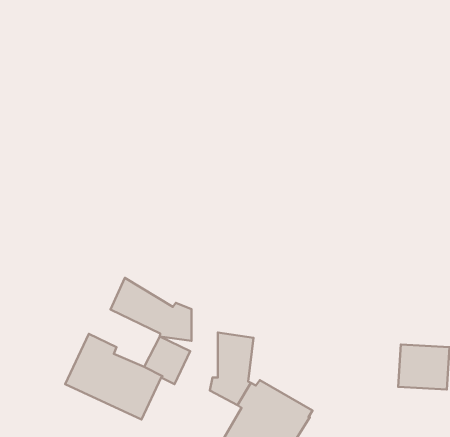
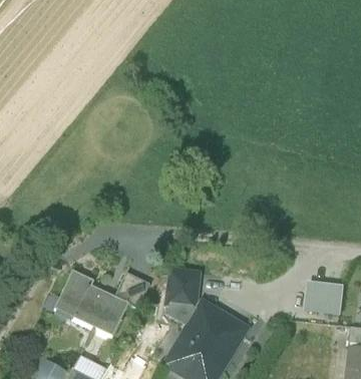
building: [111,278,191,341] -> none

